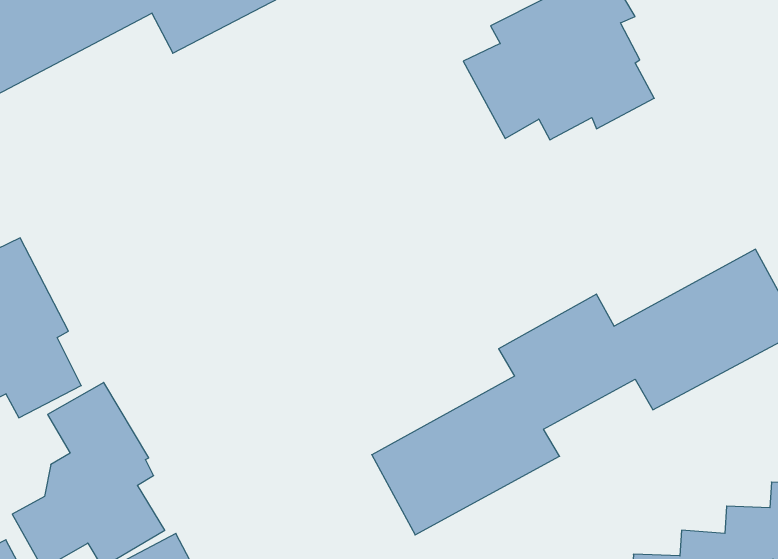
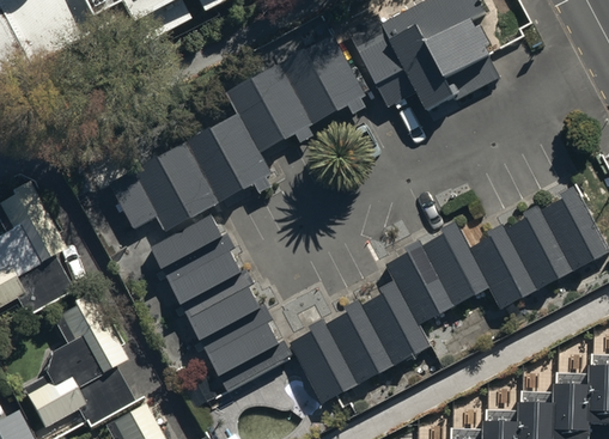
building: none -> [108,33,364,232]
building: none -> [150,214,292,390]

